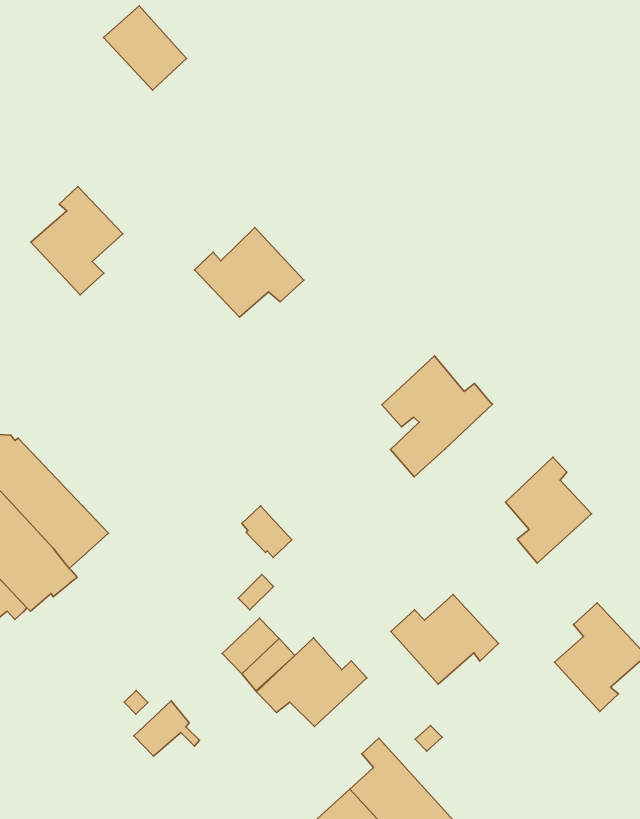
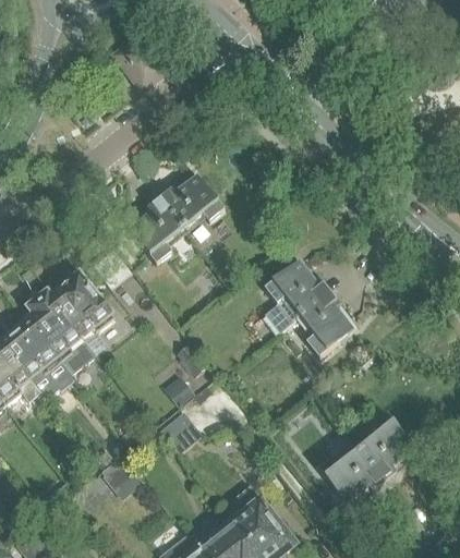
building: [31,186,123,295] -> [129,199,184,265]
building: none -> [46,275,113,337]
building: [505,457,592,563] -> [302,293,353,356]
building: [391,594,499,684] -> [319,451,384,505]
building: [256,638,367,727] -> none

